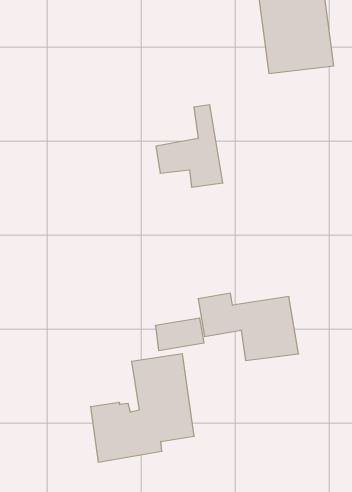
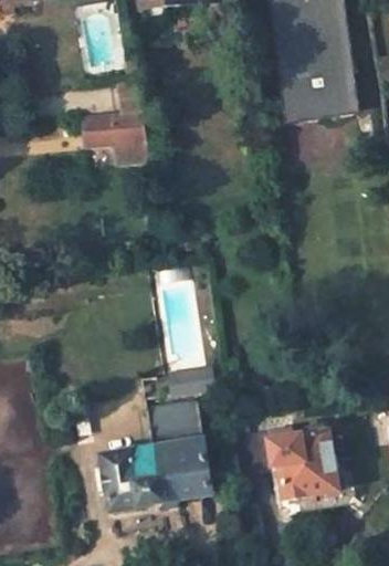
building: [156,105,223,187] -> [82,80,150,164]
building: [198,293,299,360] -> [238,431,340,500]

